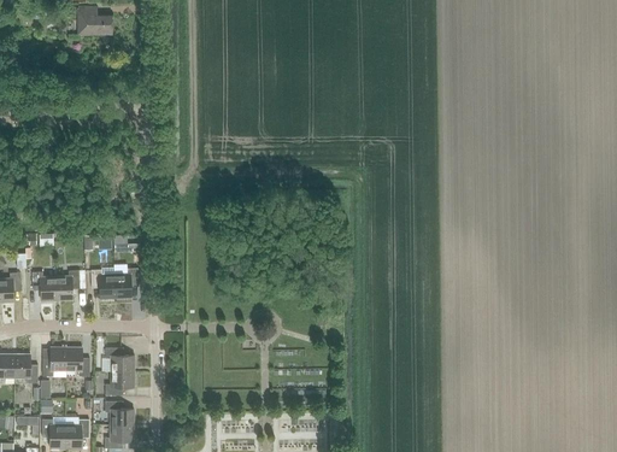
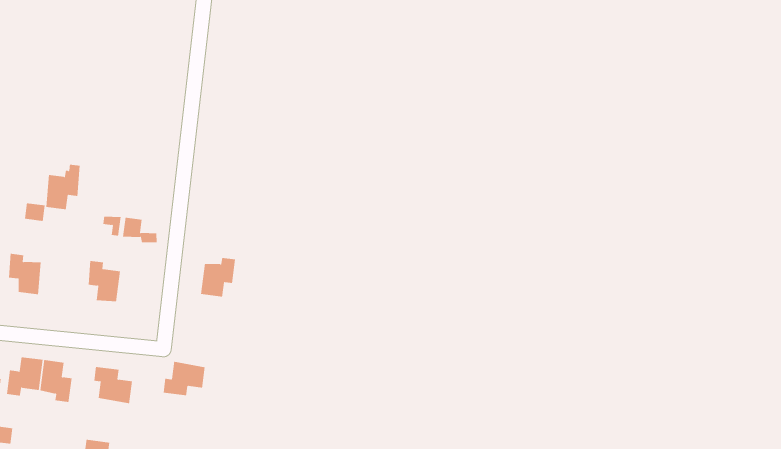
building: [55,266,80,300] -> [45,164,81,210]
building: [114,269,137,298] -> [200,257,236,297]
building: [105,370,134,394] -> [163,361,206,396]

